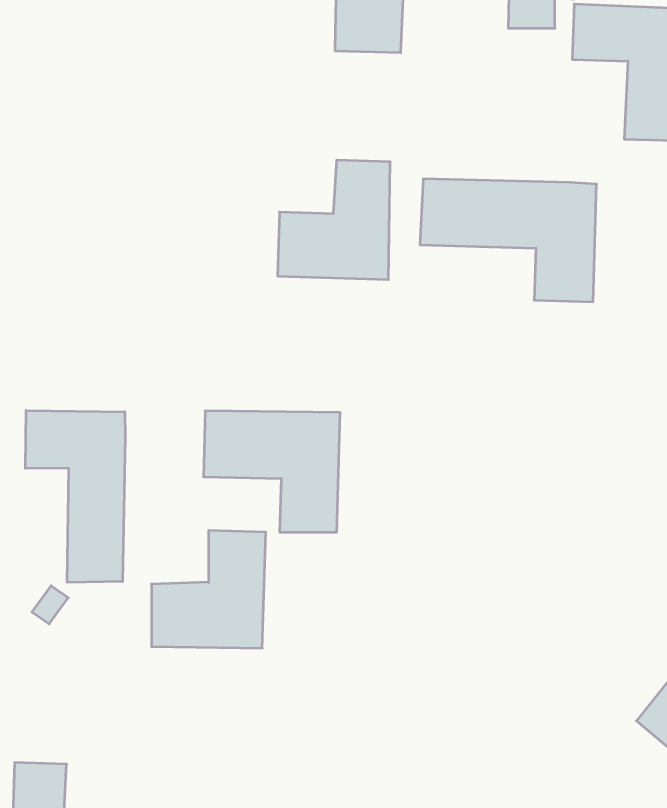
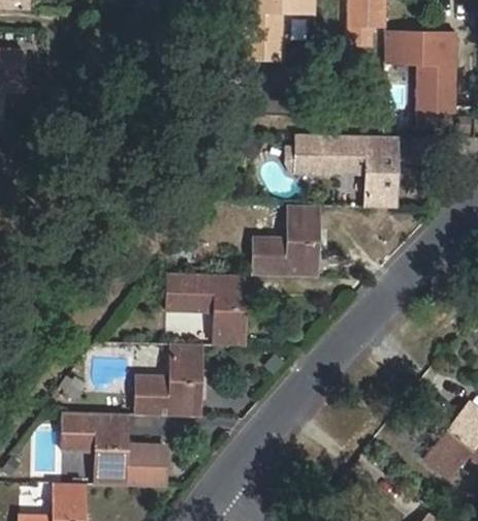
building: [278,160,390,280] -> [253,205,320,276]
building: [25,410,125,582] -> none
building: none -> [60,413,167,485]

